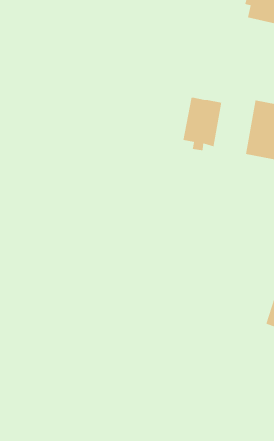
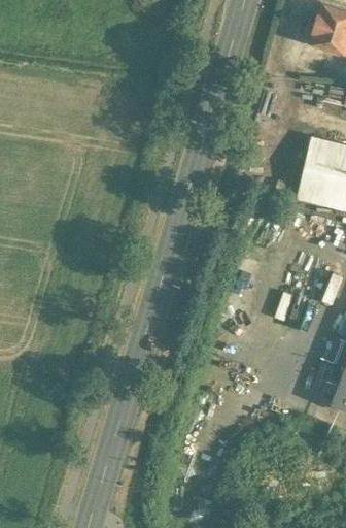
building: [183,97,222,151] -> none

